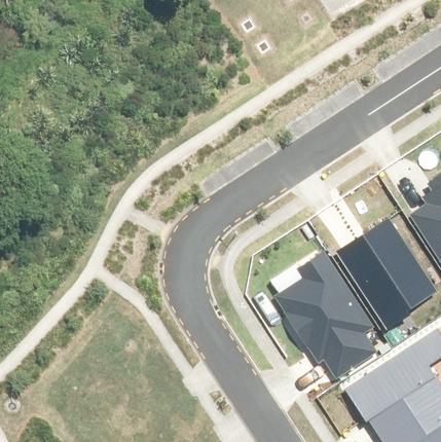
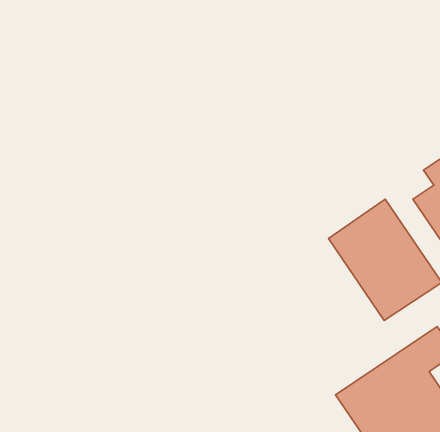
building: [277,255,378,381] -> none

